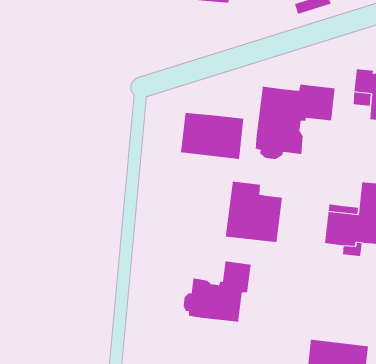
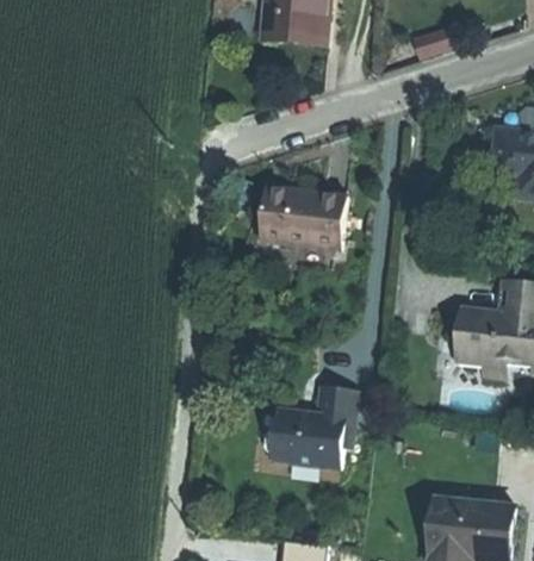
building: [255,84,335,160] -> none
building: [225,181,282,243] -> none

